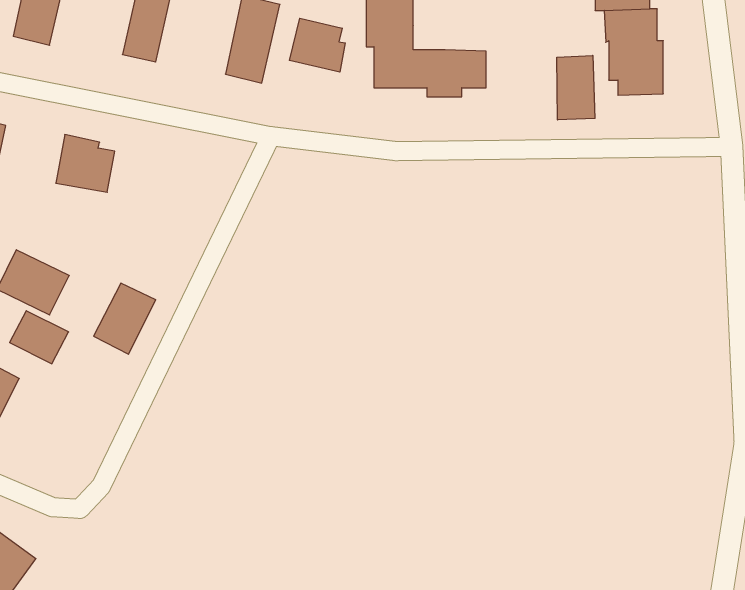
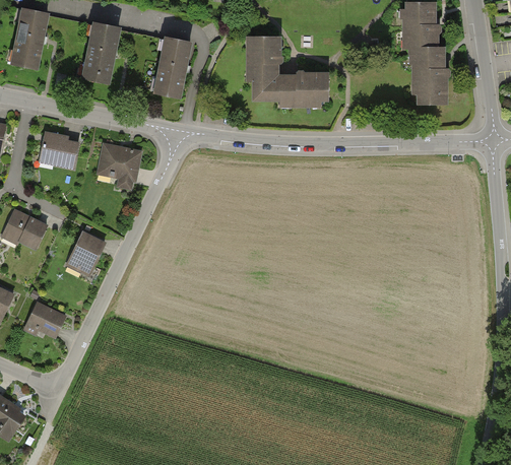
building: [289,18,345,72] -> none
building: [557,55,595,120] -> none
building: none -> [99,142,139,190]
building: [10,311,69,364] -> [26,304,66,339]

